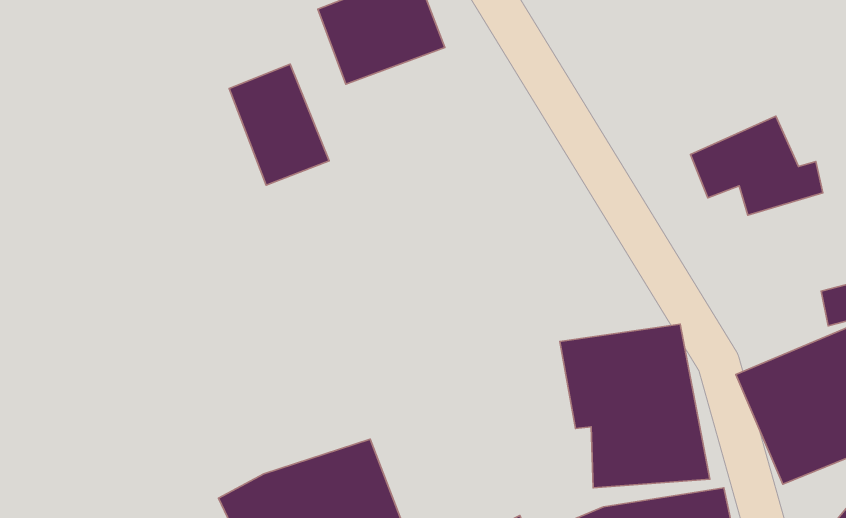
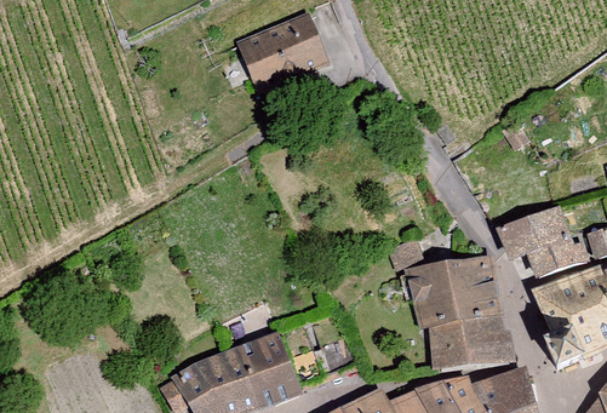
building: [229,64,329,185] -> none
building: [690,116,823,215] -> [497,208,589,277]

